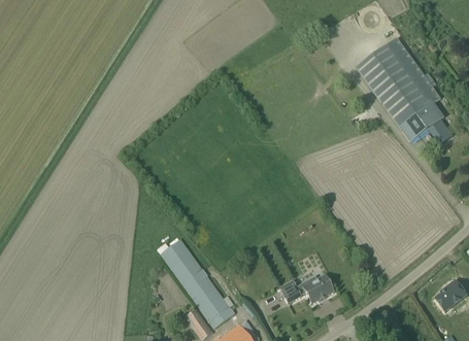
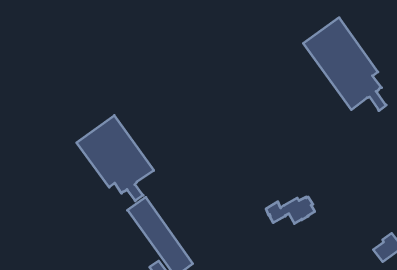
building: none -> [77,115,154,201]
building: [279,274,334,304] -> [266,197,315,224]

